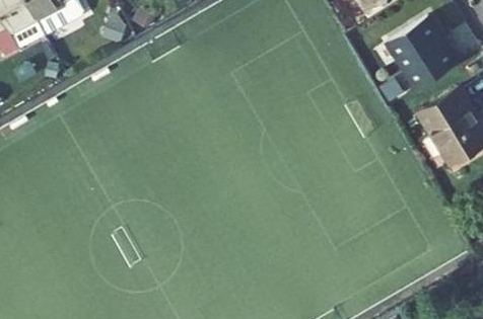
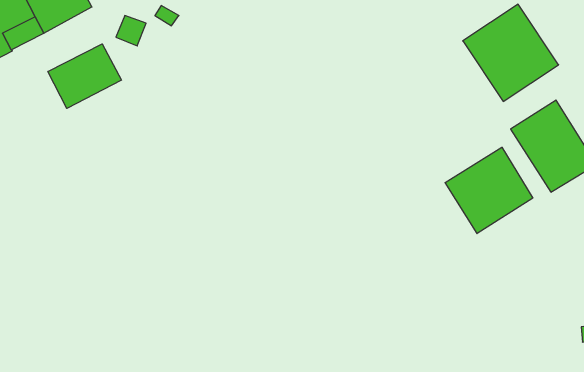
building: none -> [48,44,121,108]
building: none -> [445,147,533,234]

